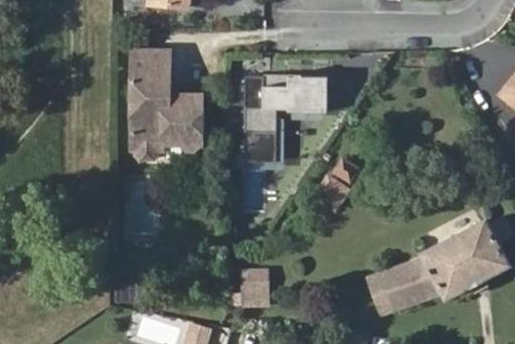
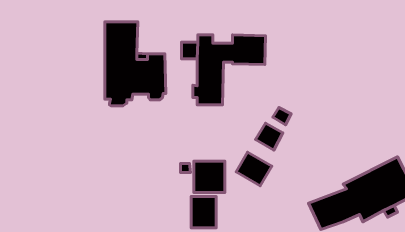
building: none -> [236,152,272,186]
building: none -> [194,161,225,192]

